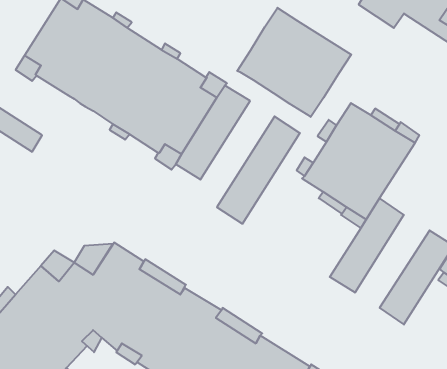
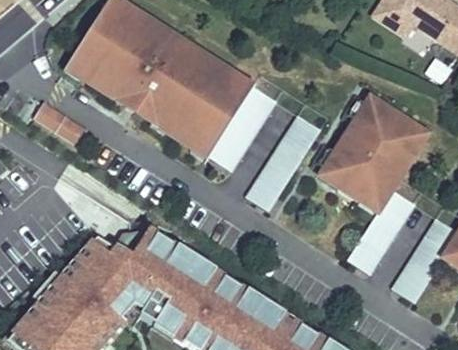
building: [237,8,351,117] -> none

